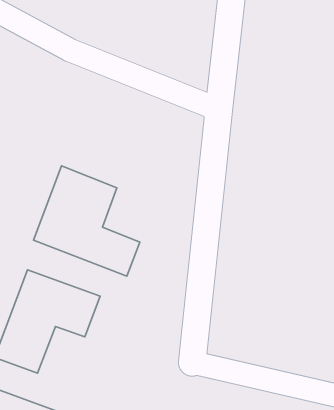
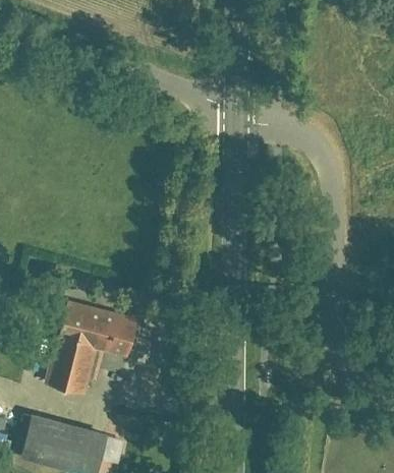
building: [33,166,140,276] -> none

